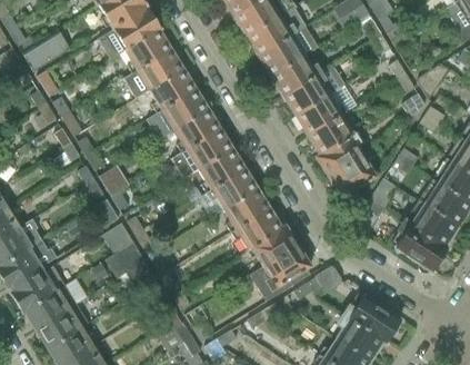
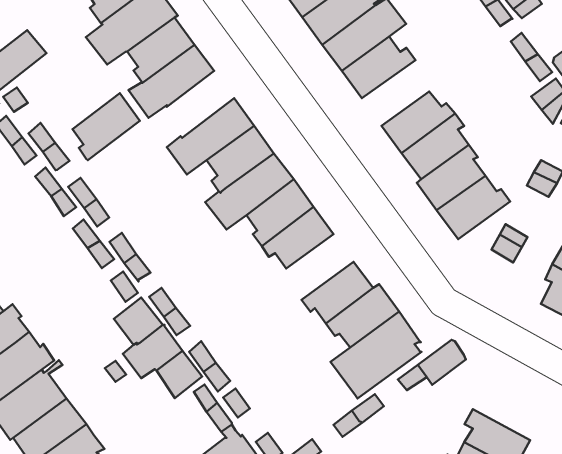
building: [283,66,346,116] -> none
building: [149,69,196,114] -> [73,93,140,160]
building: [222,188,269,231] -> none
building: [343,296,400,343] -> none

